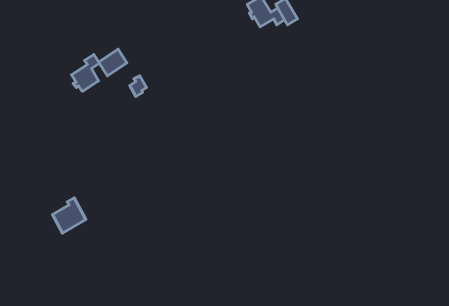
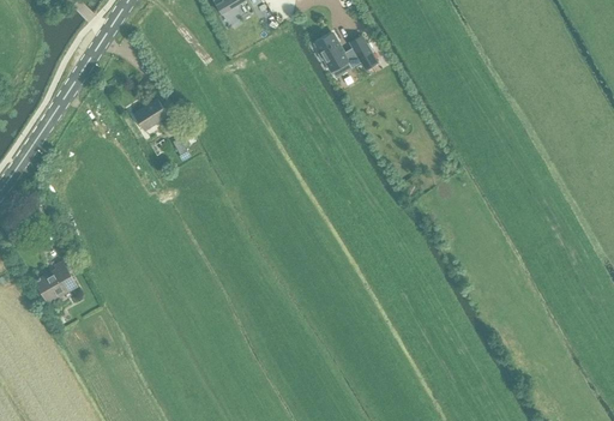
building: [72,55,99,91] -> none
building: [53,198,86,233] -> [36,259,77,302]

